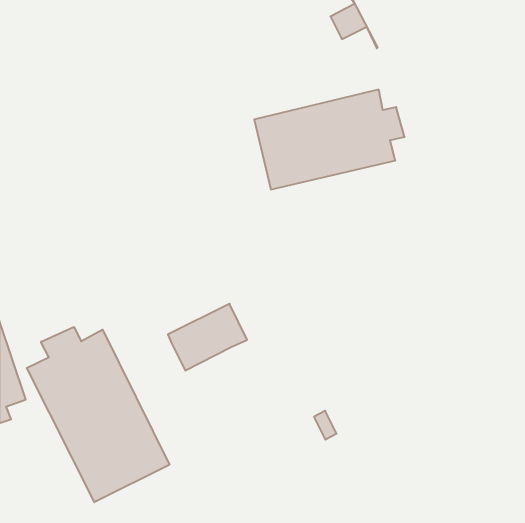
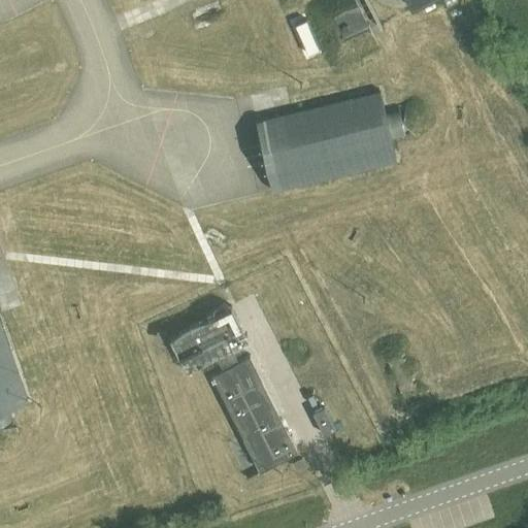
building: [27,327,169,502] -> none
building: none -> [210,351,297,472]

